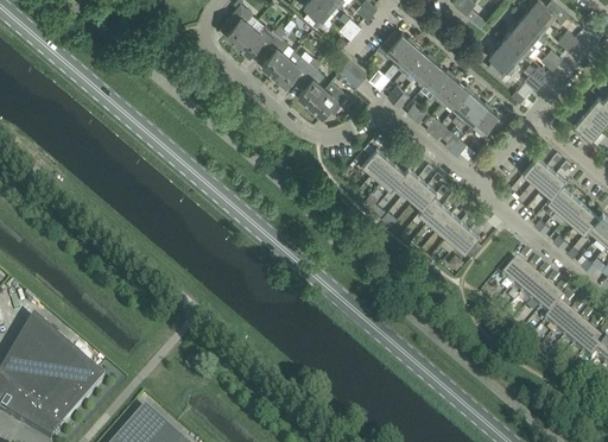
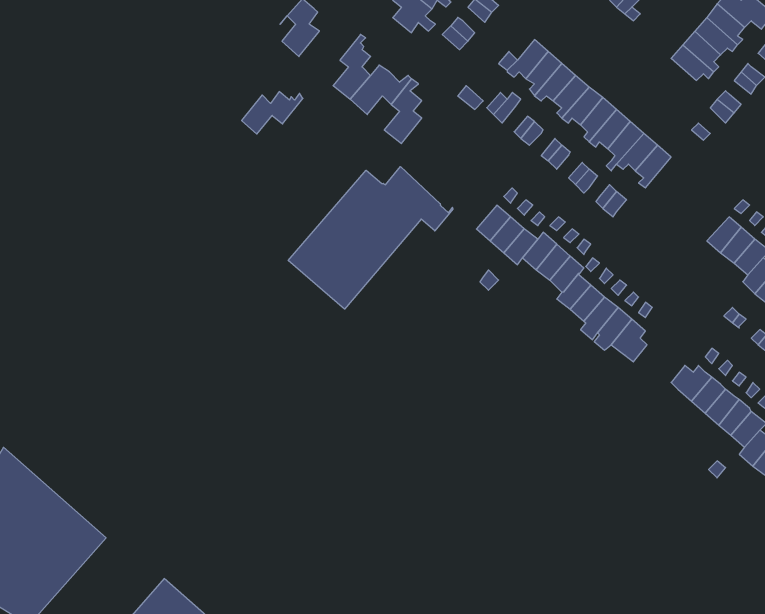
building: [238,24,280,53] -> [242,92,303,134]
building: [487,45,514,77] -> none
building: [309,81,348,115] -> none
building: none -> [288,167,453,309]

